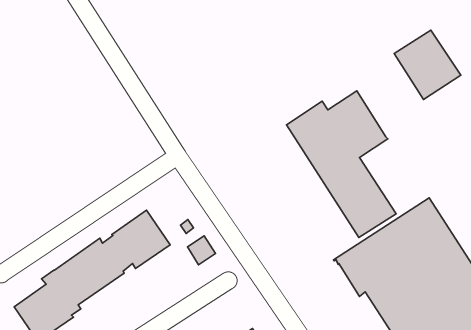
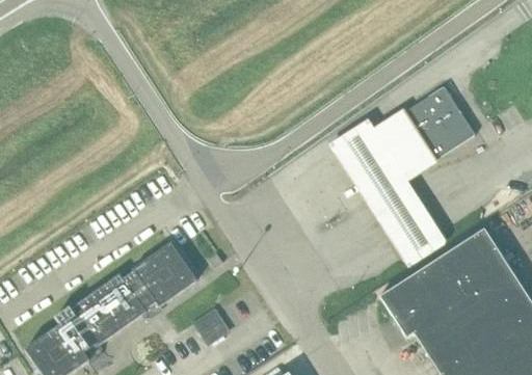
building: [394,30,461,100] -> [404,83,478,160]
building: [187,236,216,265] -> [196,309,228,341]

